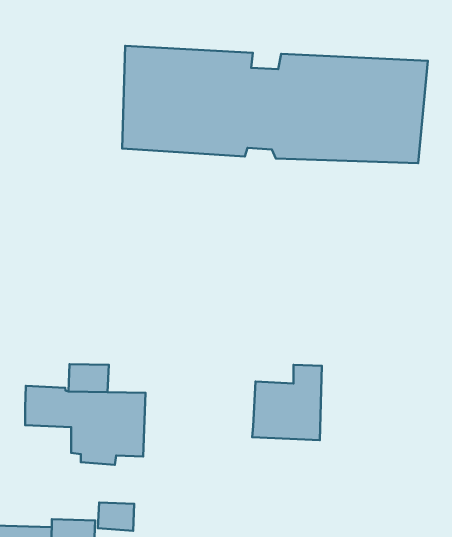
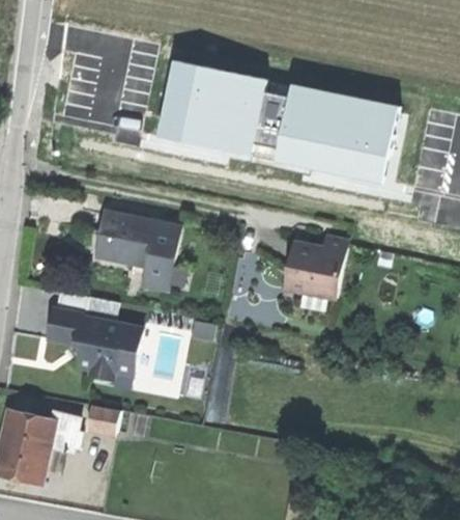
building: none -> [95,213,178,290]
building: [252,365,322,440] -> [285,239,347,300]

